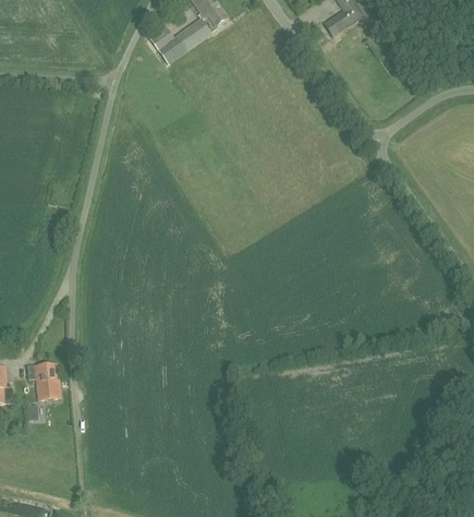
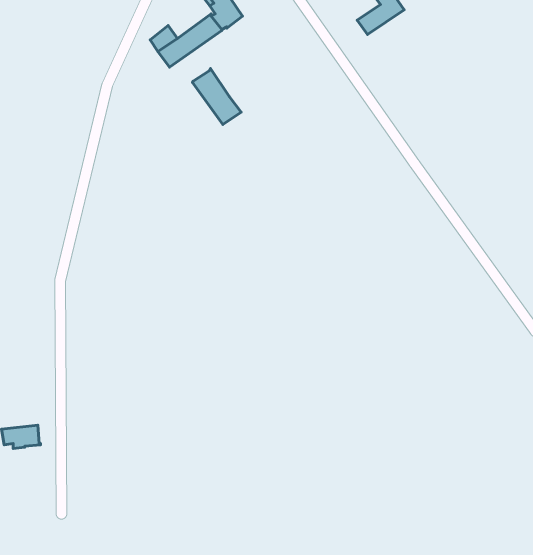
building: none -> [192,69,241,125]
building: [36,377,61,398] -> none

